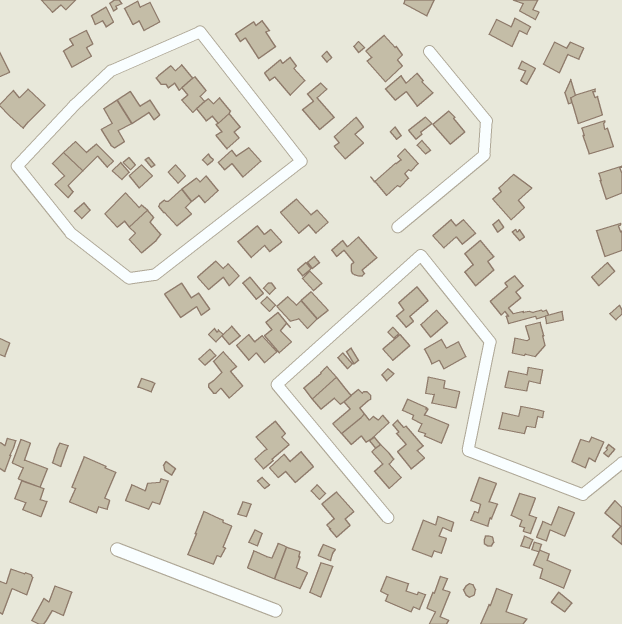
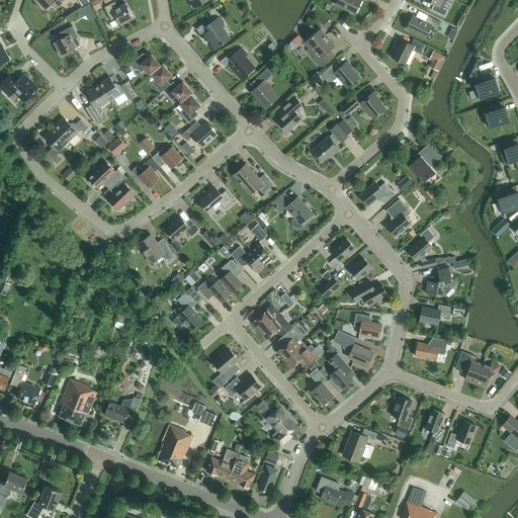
building: [543,42,584,73] -> [391,38,424,64]
building: none -> [454,351,482,382]
building: [15,481,47,517] -> none
building: [533,550,571,588] -> none

